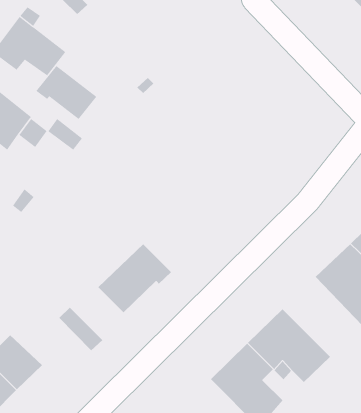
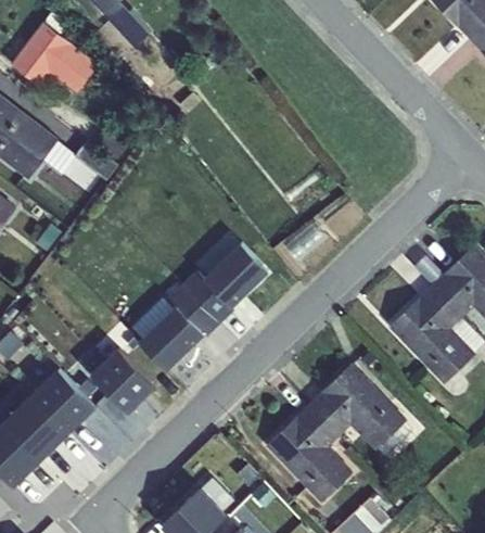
building: [36,65,97,120] -> none
building: none -> [188,239,268,321]
building: none -> [102,346,156,401]
building: none -> [33,371,93,430]

